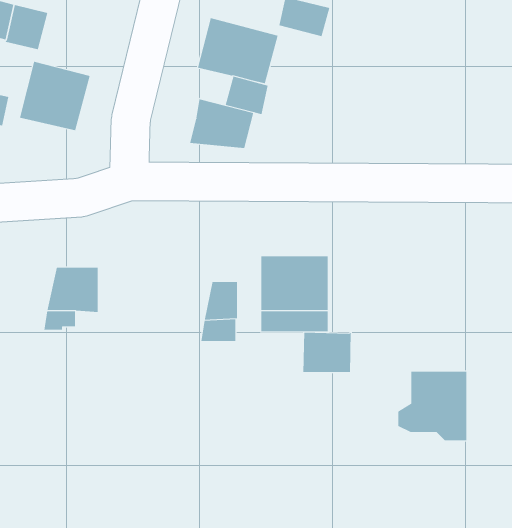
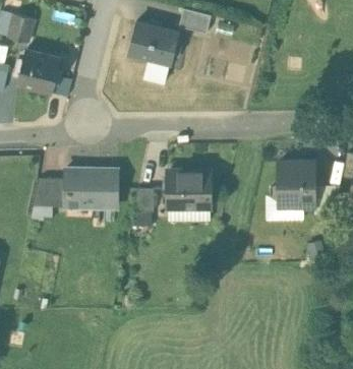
building: [189,98,254,149] -> none
building: none -> [66,169,117,208]
building: [303,332,351,373] -> none
building: [397,371,467,441] -> [271,163,314,206]

